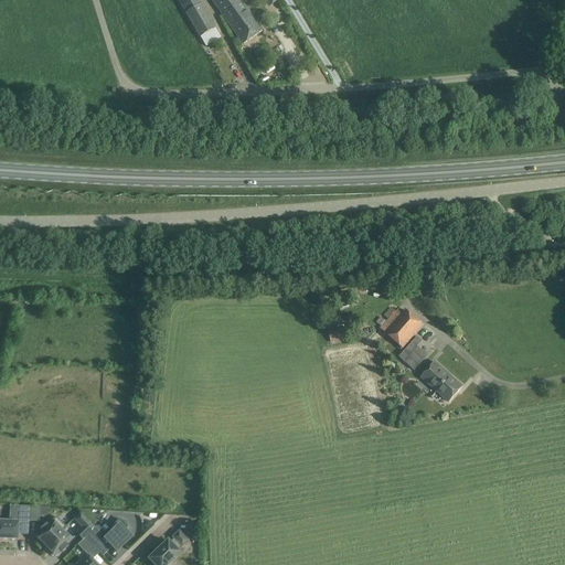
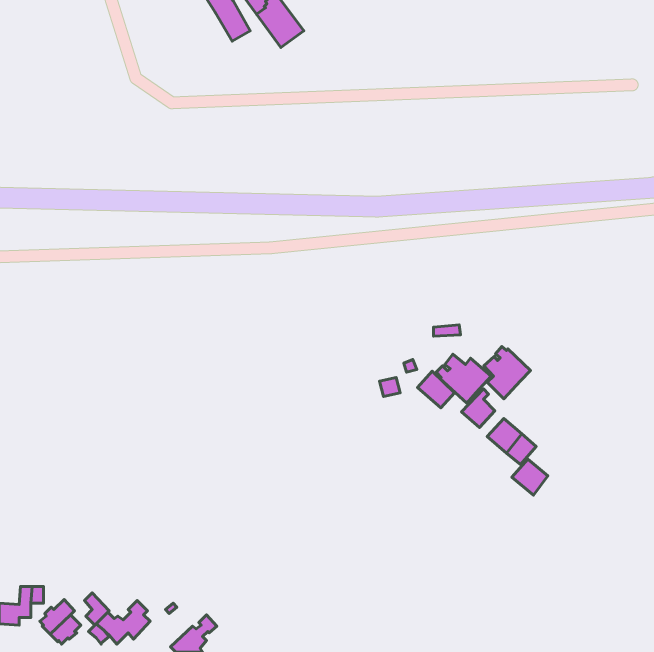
building: none -> [484,346,531,399]
building: none -> [417,371,455,408]
building: none -> [512,459,548,495]

